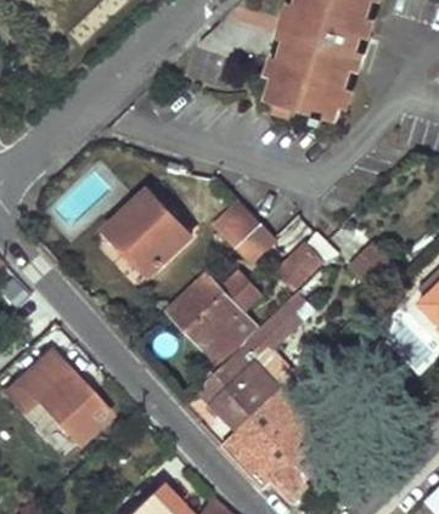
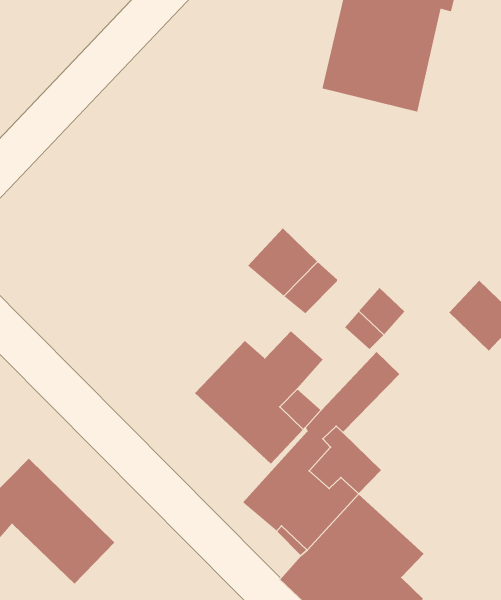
building: [106,183,191,276] -> none

